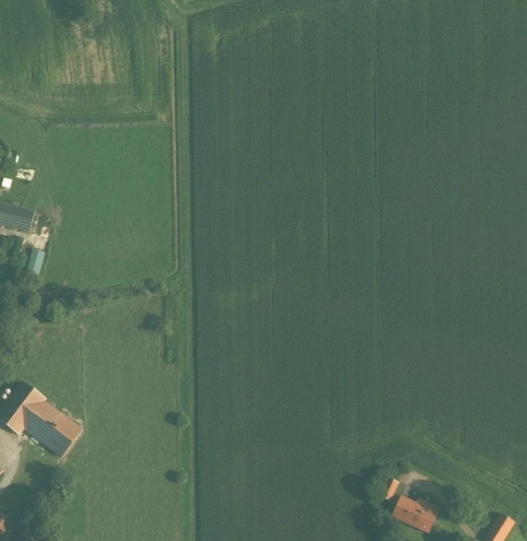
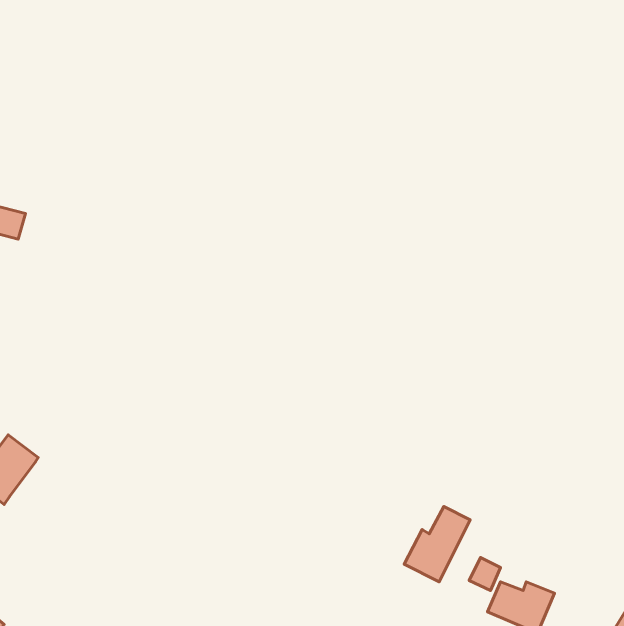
building: [24,402,83,457] -> none
building: none -> [404,507,470,582]

